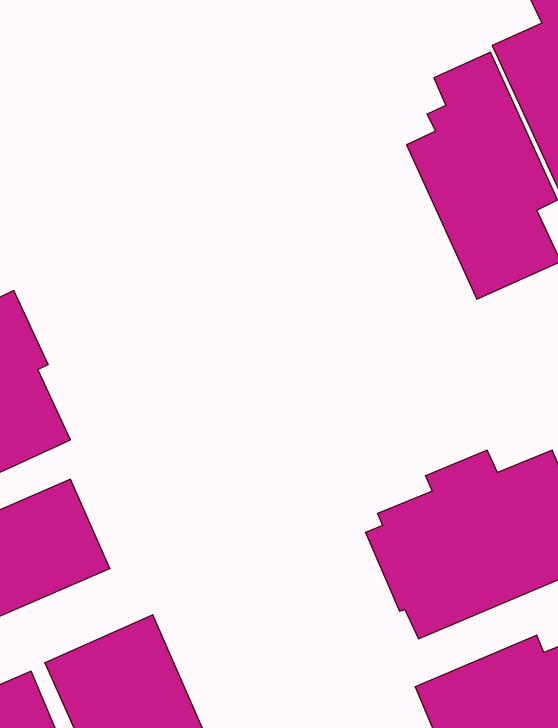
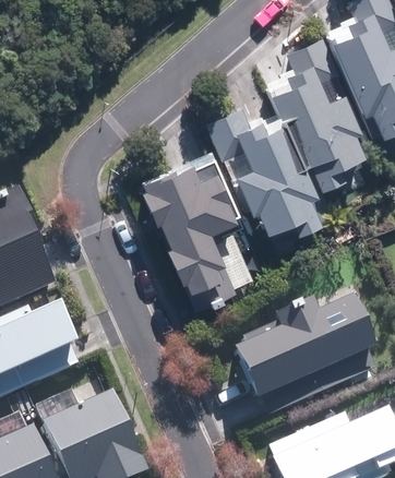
building: none -> [206,105,325,249]
building: none -> [139,152,238,310]

